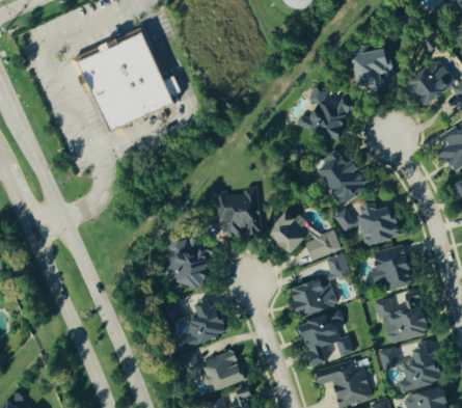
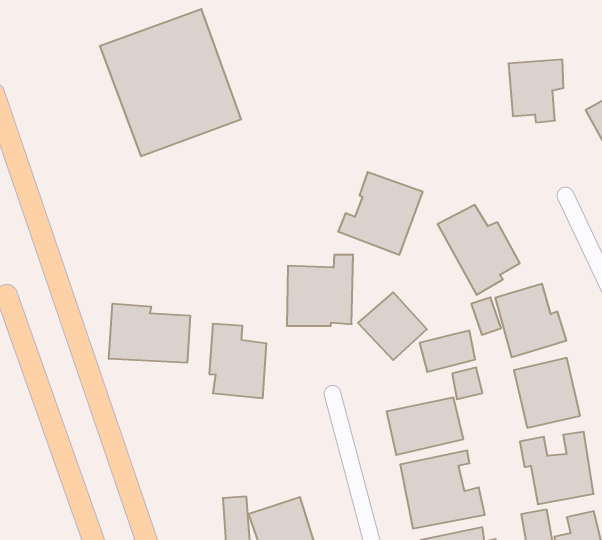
building: [296,87,350,140] -> [338,172,423,255]
building: none -> [109,304,190,363]
building: [176,300,225,347] -> none

